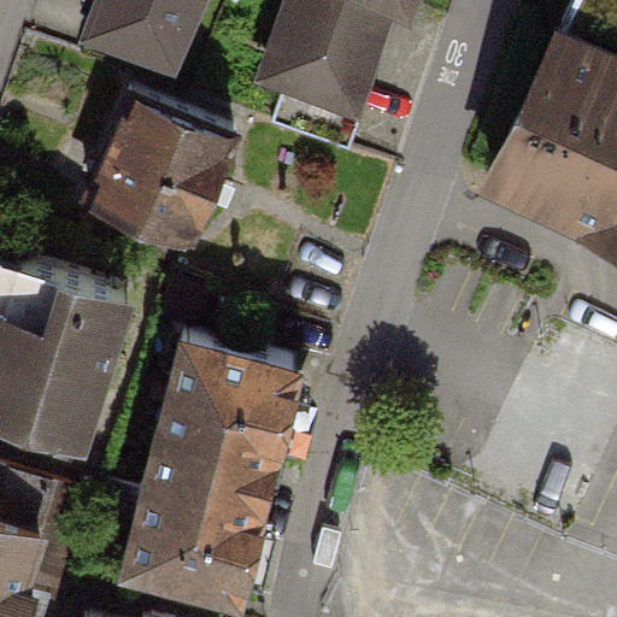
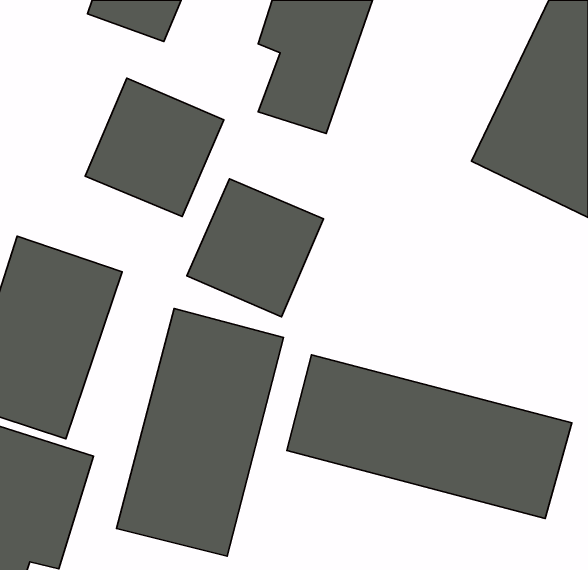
building: none -> [187,179,323,317]
building: none -> [287,355,572,519]

